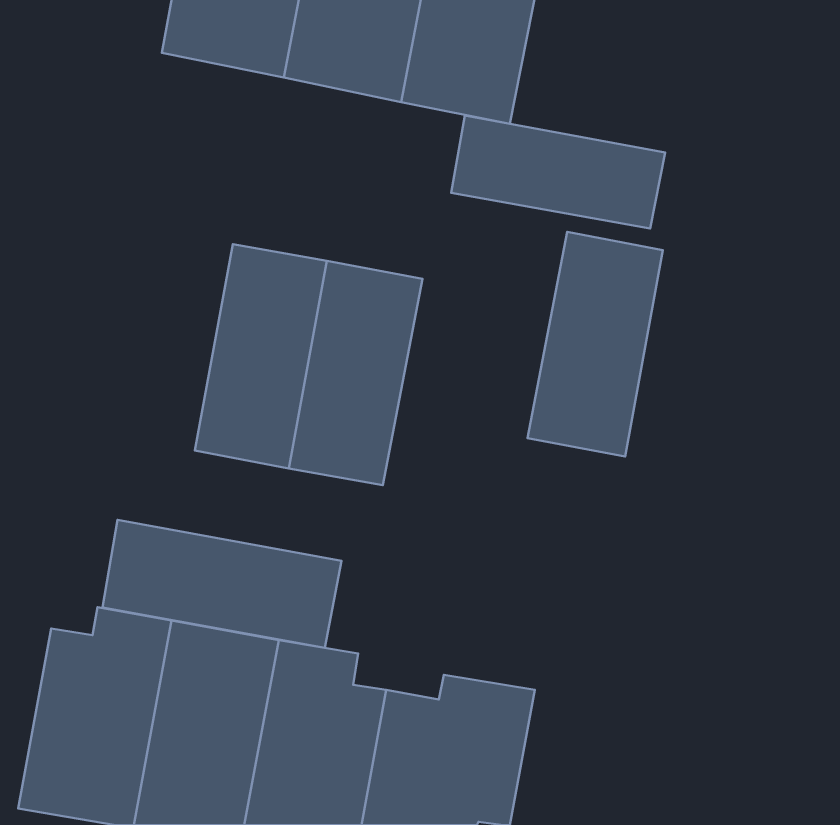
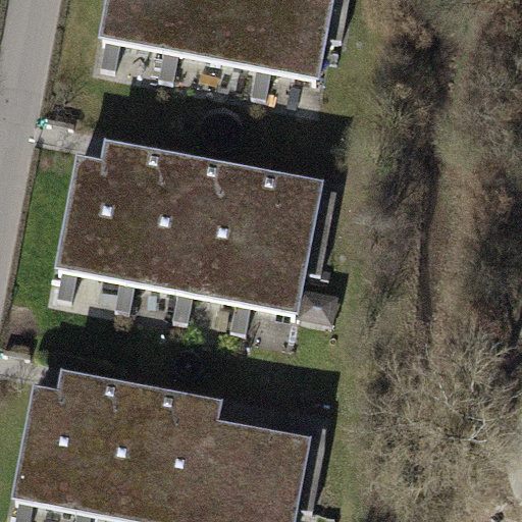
building: [451,115,665,228] -> none
building: [528,232,663,456] -> [237,172,320,311]
building: none -> [60,144,144,278]
building: [102,520,342,648] -> none

